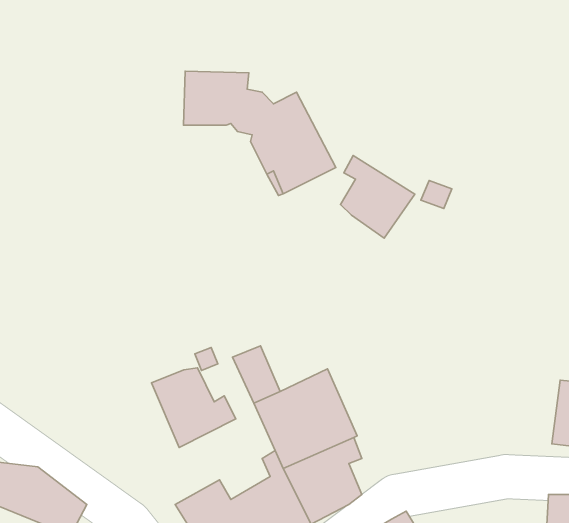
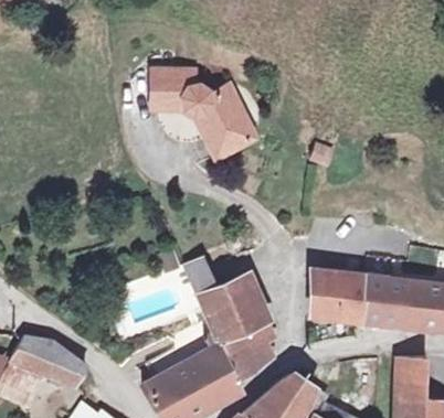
building: [341,156,415,238] -> none
building: none -> [310,274,405,325]
building: [151,368,236,448] -> none

